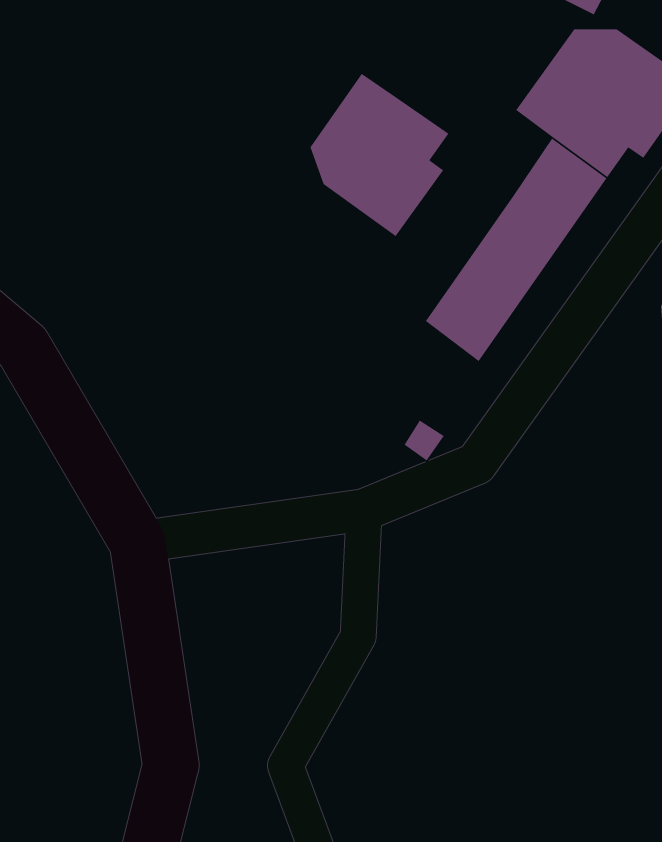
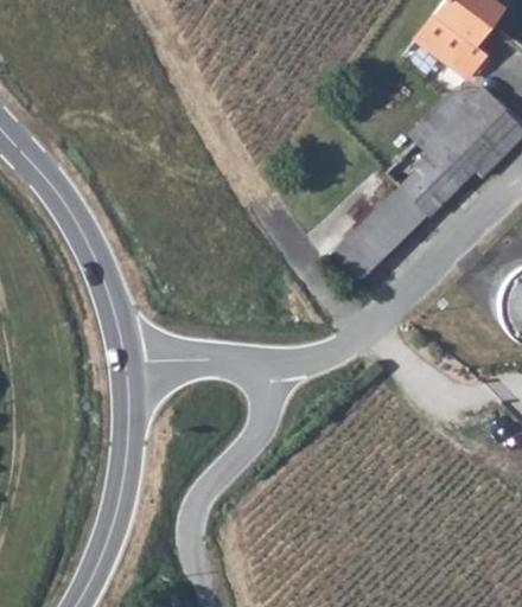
building: [309,73,450,237] -> none

